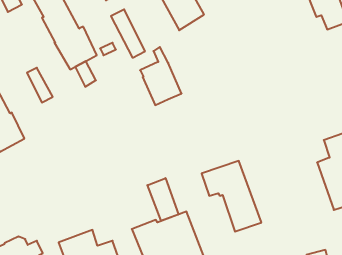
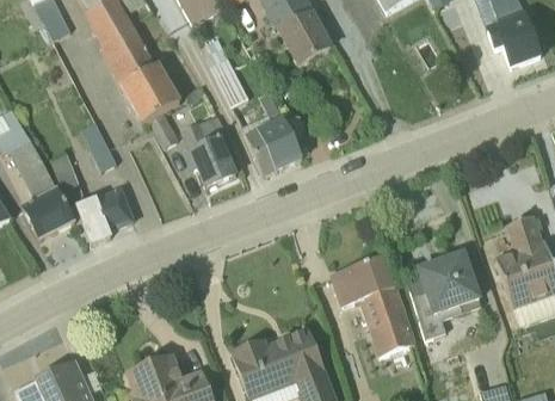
building: none -> [180,116,236,187]
building: none -> [49,152,131,242]
building: none -> [406,251,480,339]
building: [147,178,178,221] -> none

